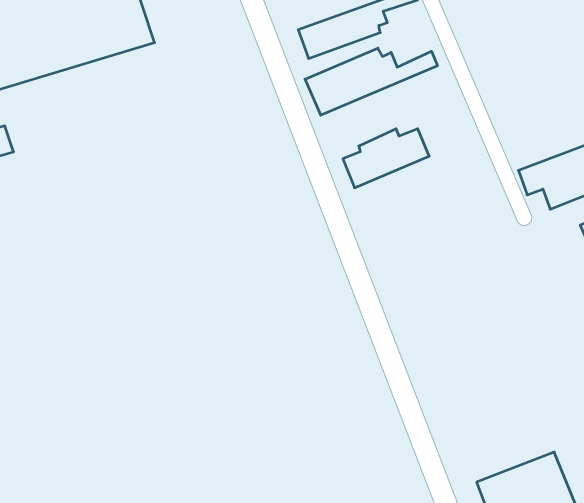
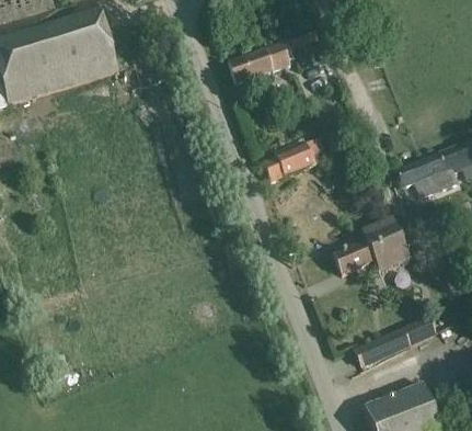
building: [305,48,437,115] -> none
building: none -> [333,218,411,275]
building: none -> [355,317,436,367]

